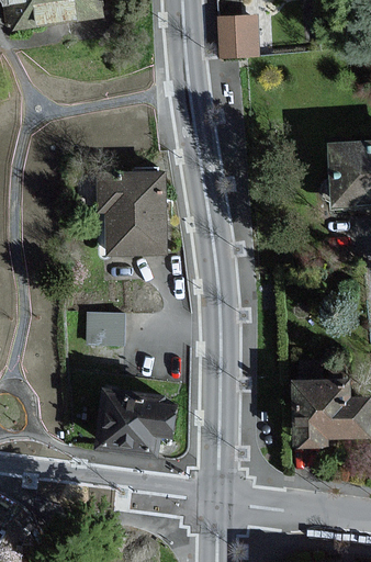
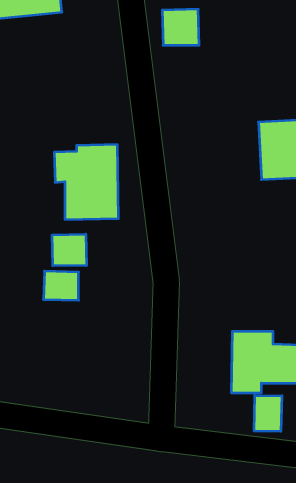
building: none -> [52,234,86,266]
building: [95,389,180,458] -> none
building: none -> [254,395,282,431]

